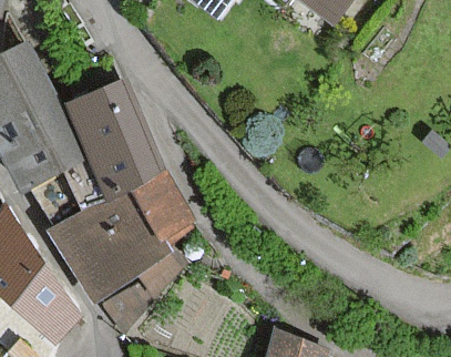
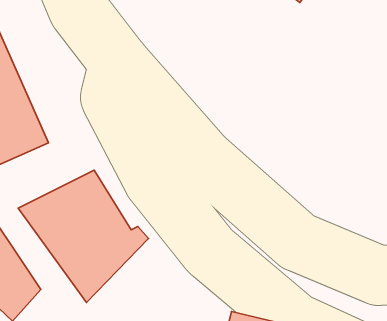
building: [69,80,191,234] -> none

